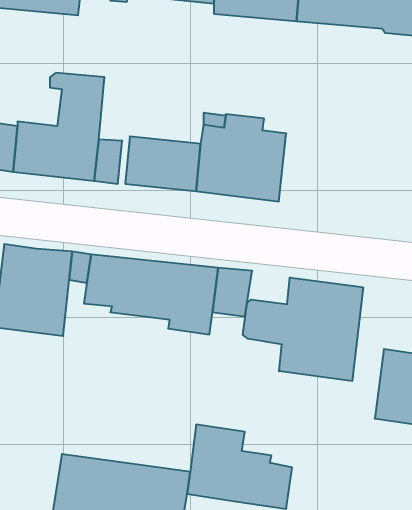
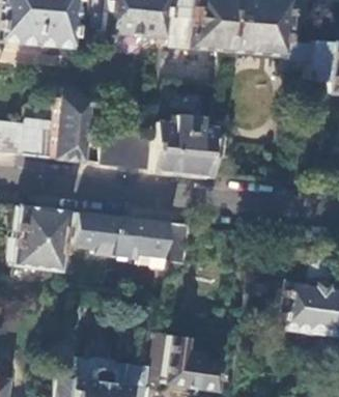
building: [243,277,363,381] -> none

